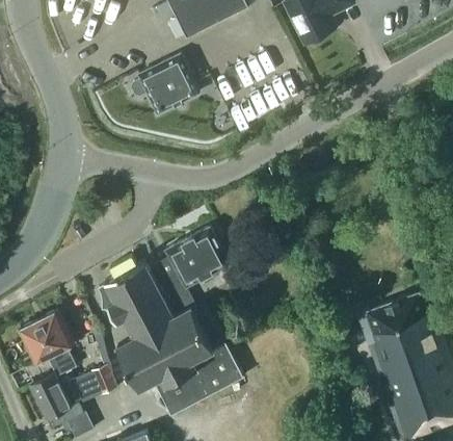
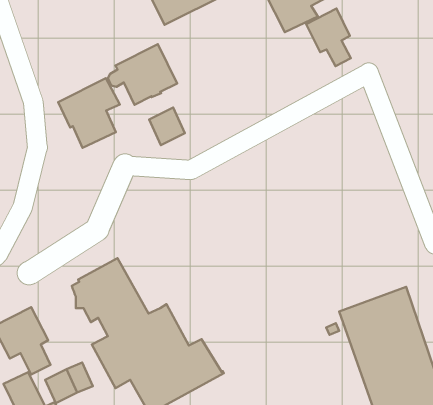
building: none -> [306,8,351,66]
building: none -> [58,78,120,148]
building: none -> [149,107,185,145]
building: [153,227,226,312] -> none

